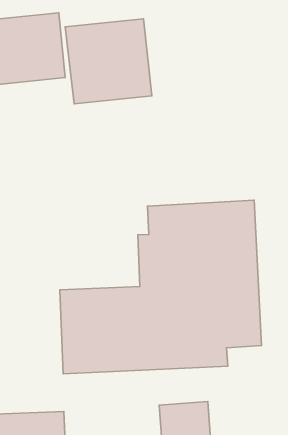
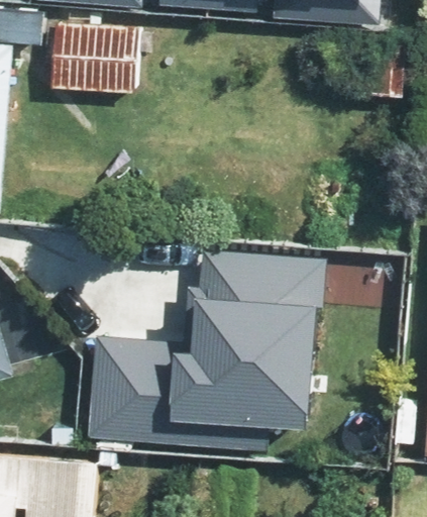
building: [65,19,152,104] -> none

